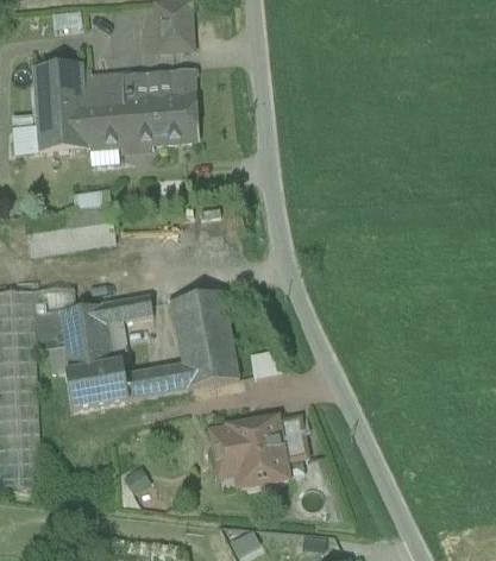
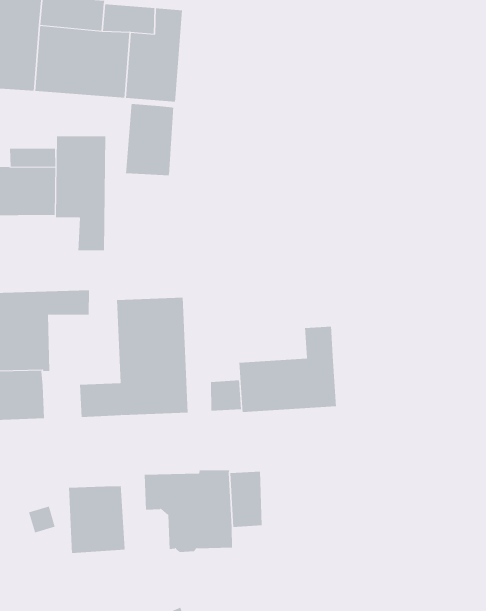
building: none -> [126,103,174,176]
building: none -> [56,135,106,251]
building: none -> [239,326,337,413]
building: [124,368,156,398] -> none
building: none -> [68,485,126,554]

